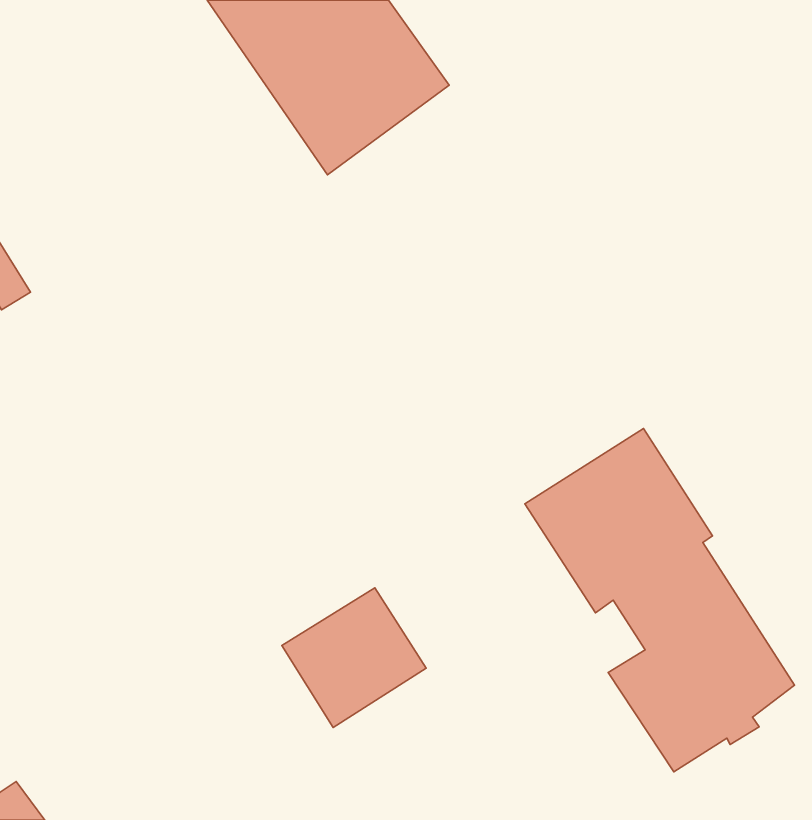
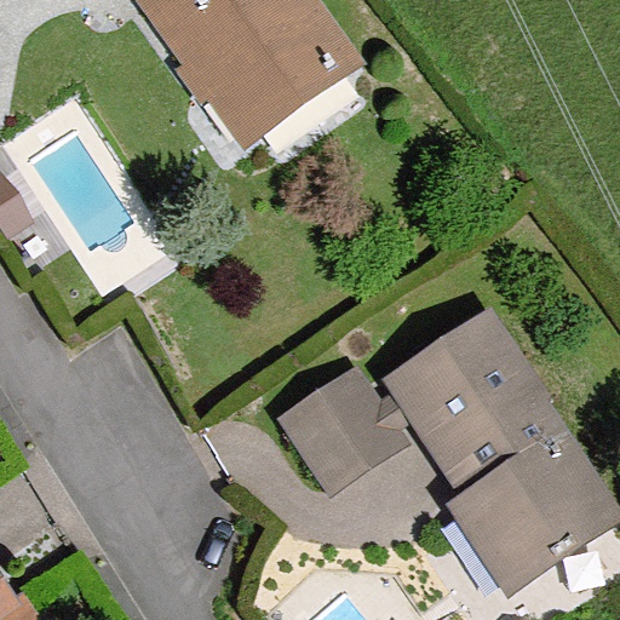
building: [282,588,426,727] -> [285,379,394,484]

